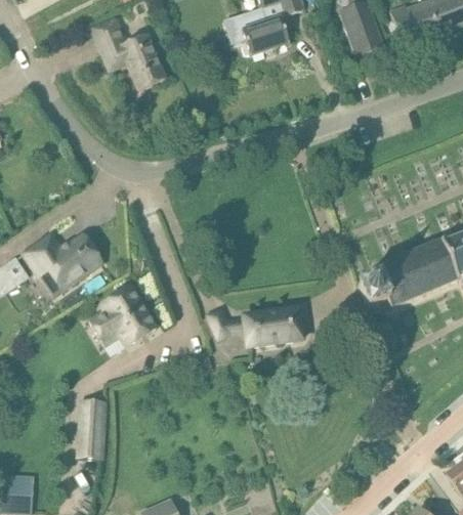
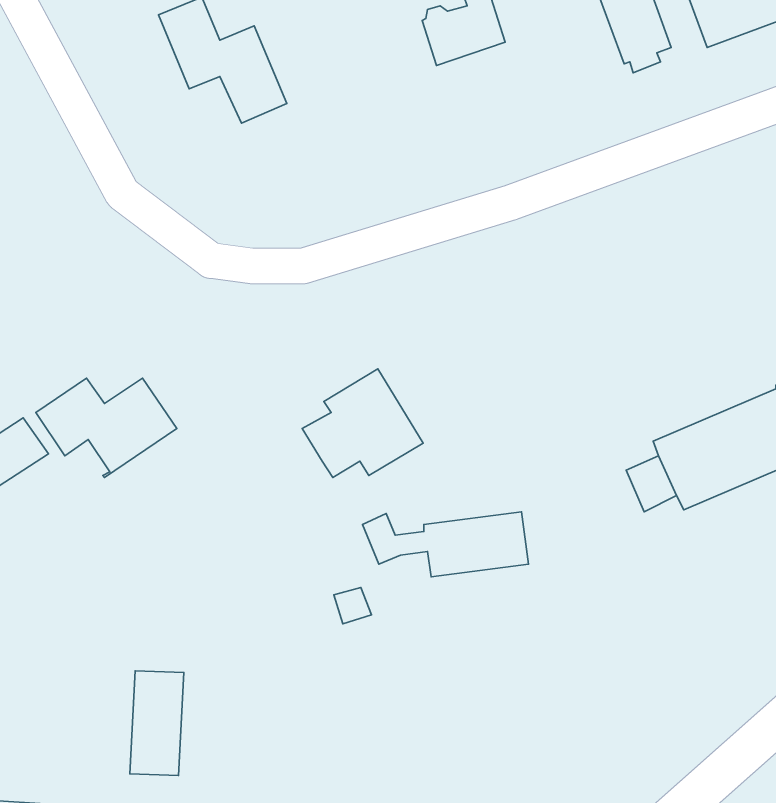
building: [88,285,157,346] -> [302,369,423,477]

